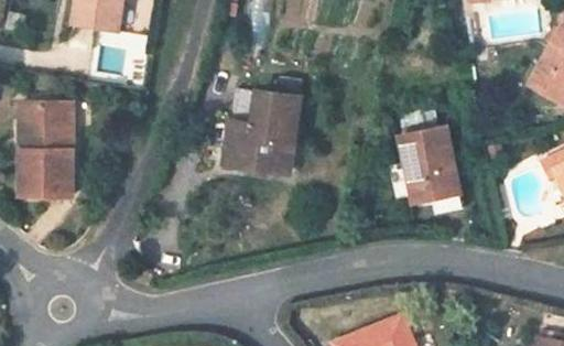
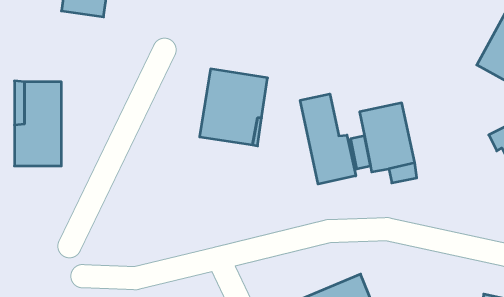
building: none -> [300,94,356,184]

